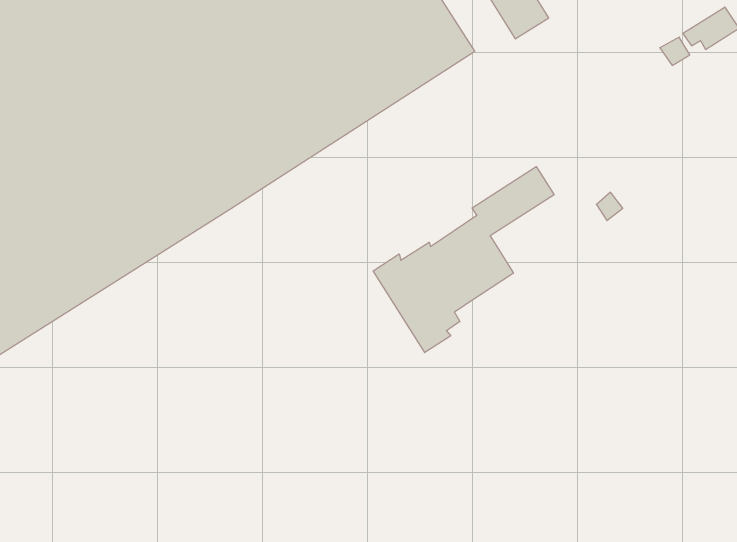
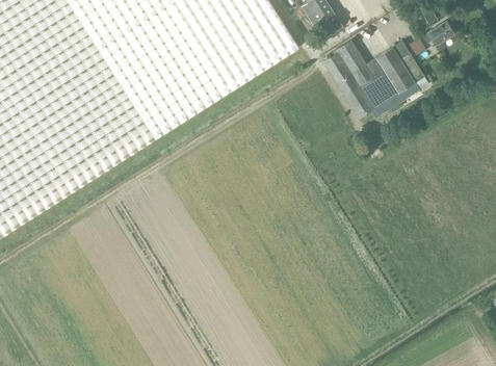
building: none -> [322,40,428,130]
building: [373,167,554,353] -> none

